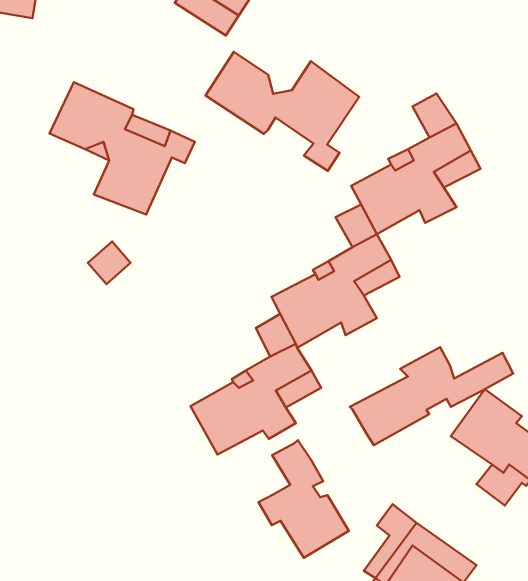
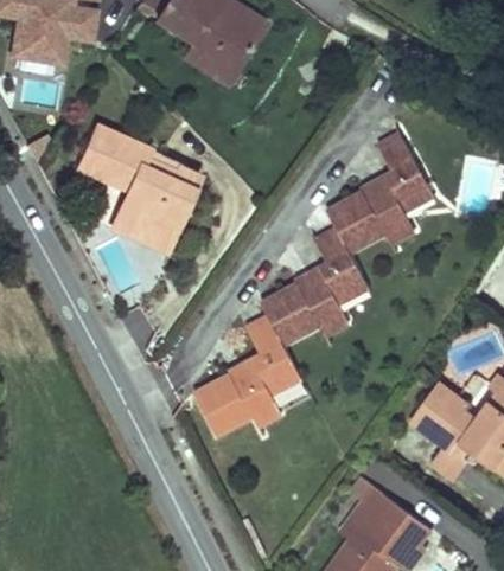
building: [206,52,359,171] -> none
building: none -> [110,187,190,249]
building: [350,347,513,445] -> none
building: [258,440,349,558] -> none

